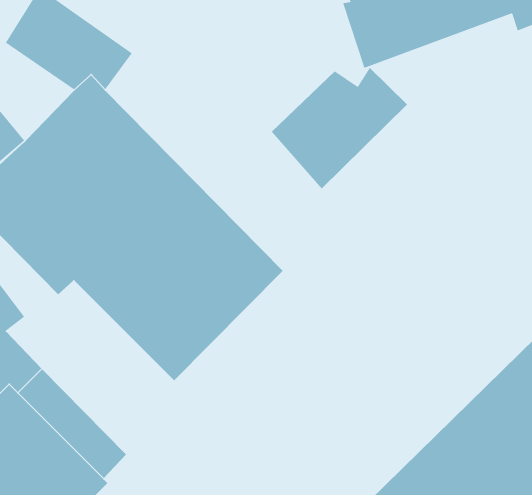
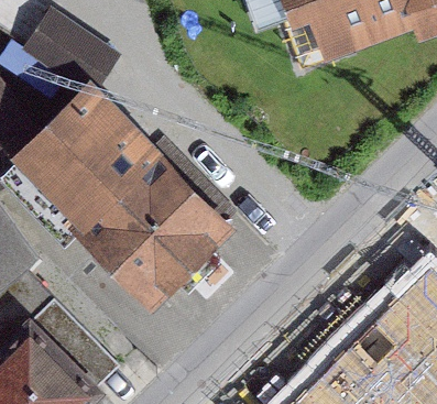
building: [271,67,408,190] -> none

